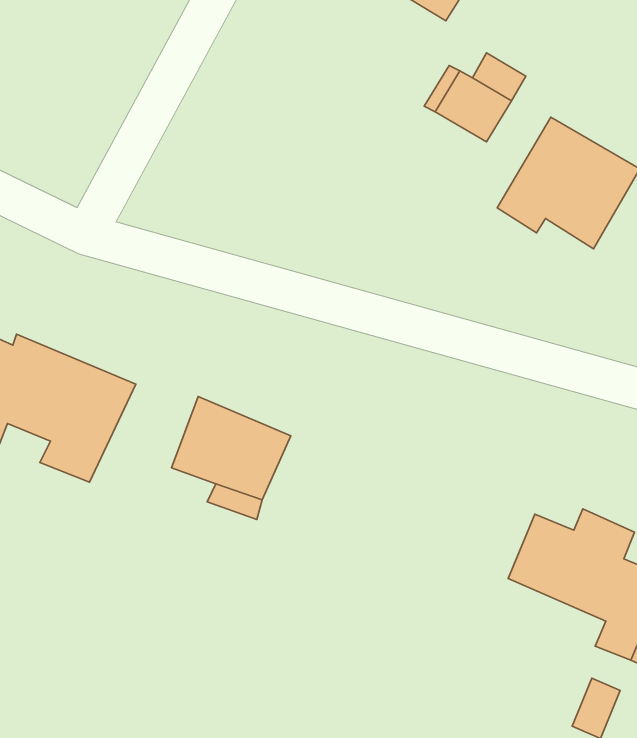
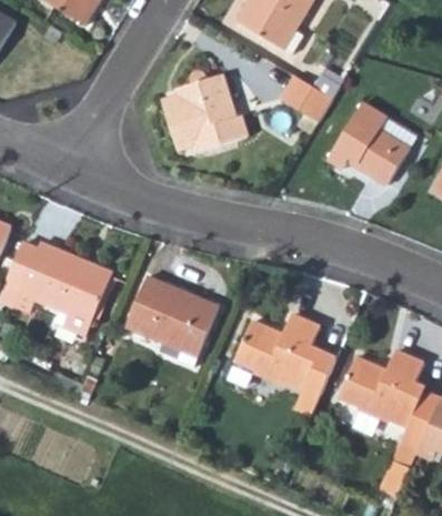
building: none -> [173,69,259,153]
building: none -> [229,314,330,413]

